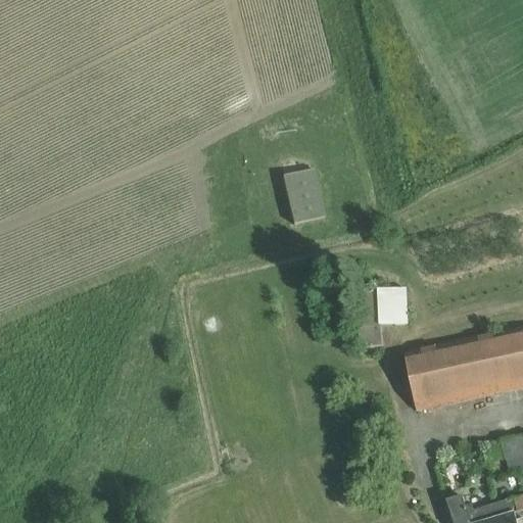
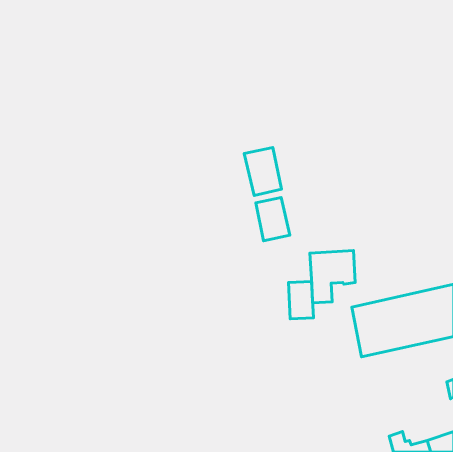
building: none -> [256,198,290,241]
building: none -> [289,281,314,319]

